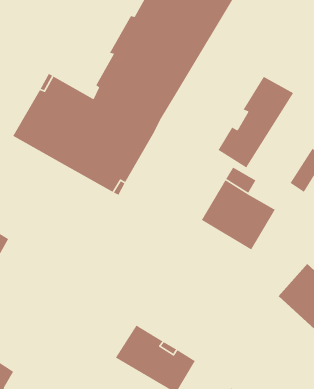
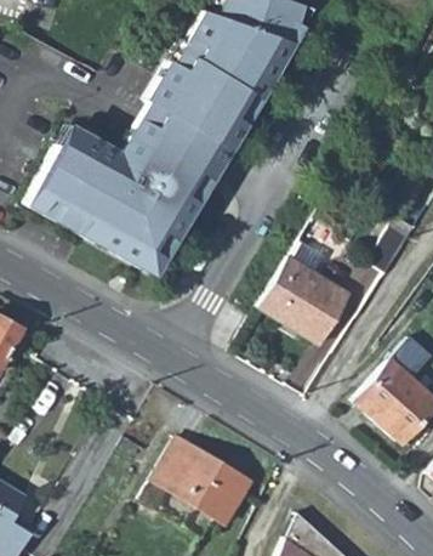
building: [218,76,294,168] -> none

